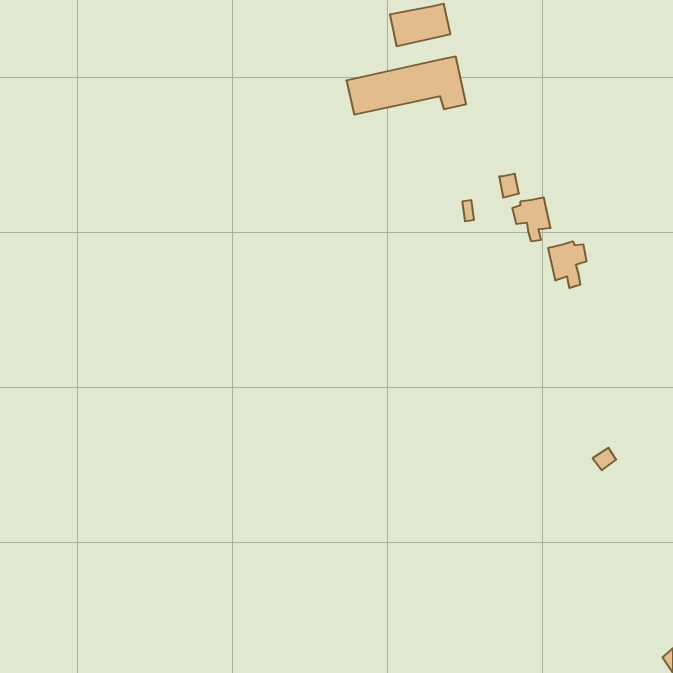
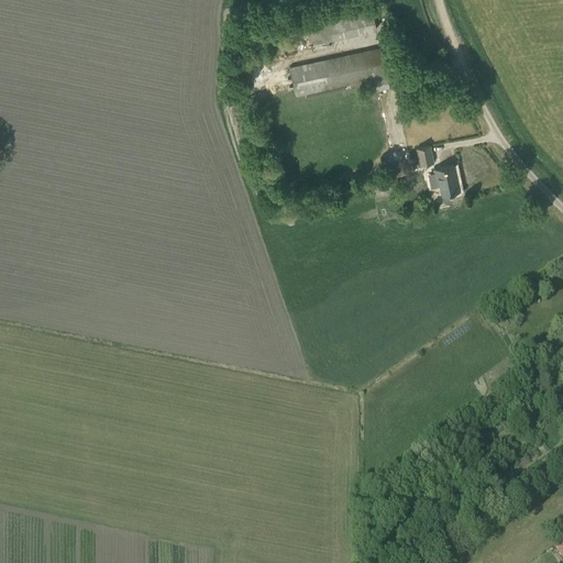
building: [548,241,586,288] -> none

